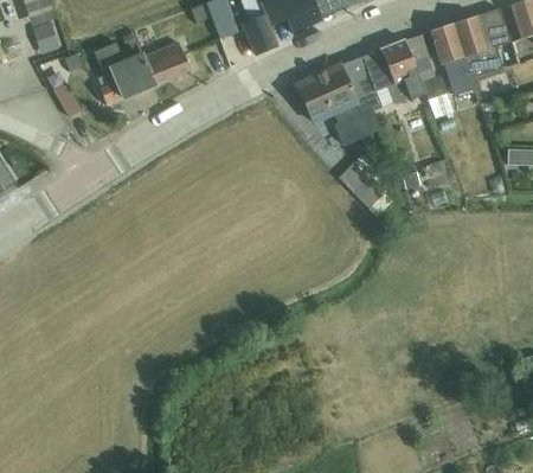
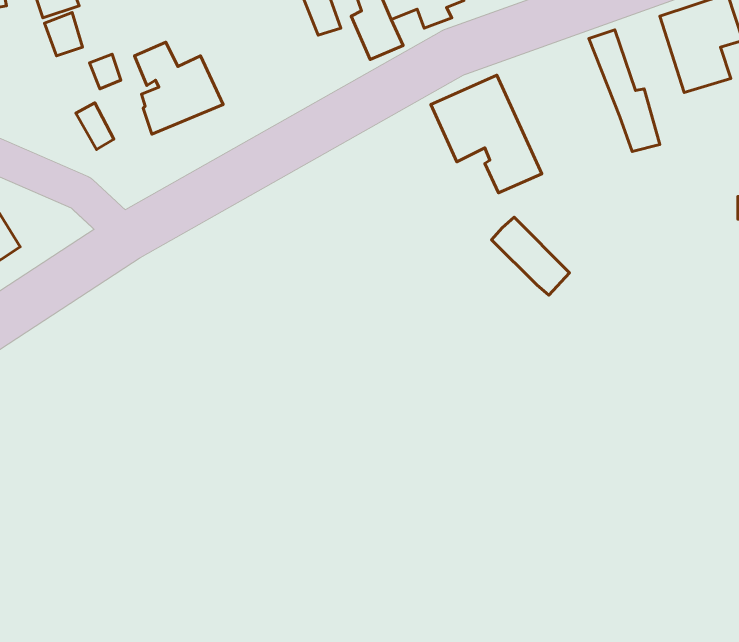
building: [430,24,475,95] -> none
building: [140,30,191,84] -> none
building: [342,39,426,132] -> none

